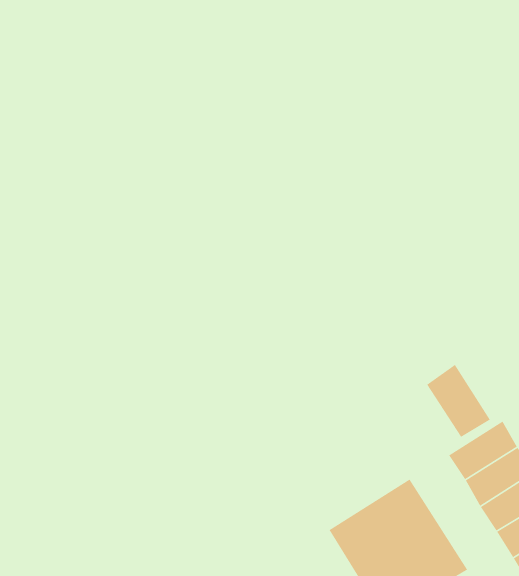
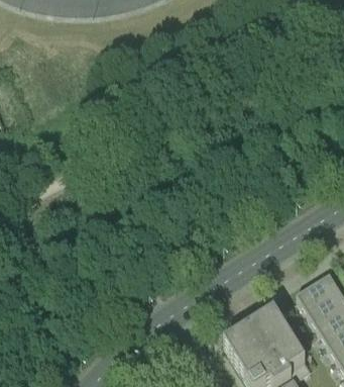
building: [426,364,491,438] -> none

